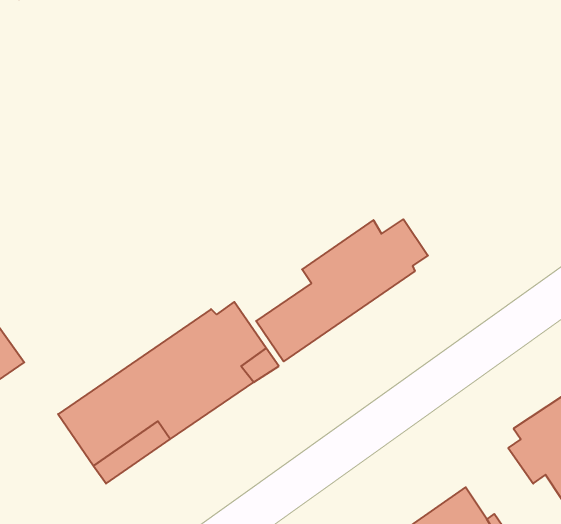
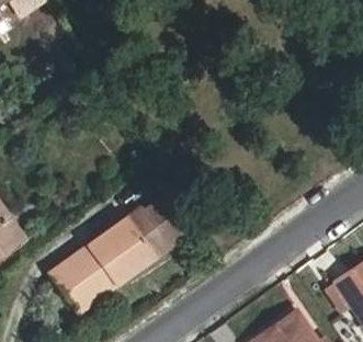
building: [256,219,428,361] -> none

